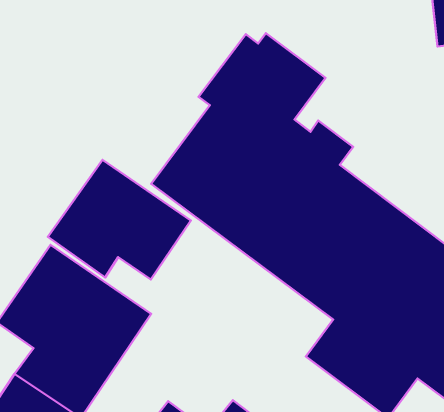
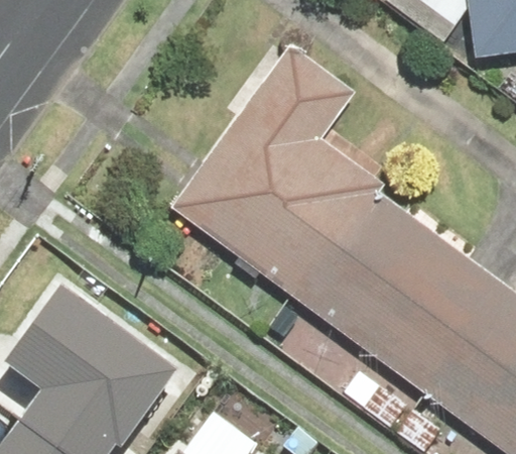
building: [48,160,191,280] -> none

